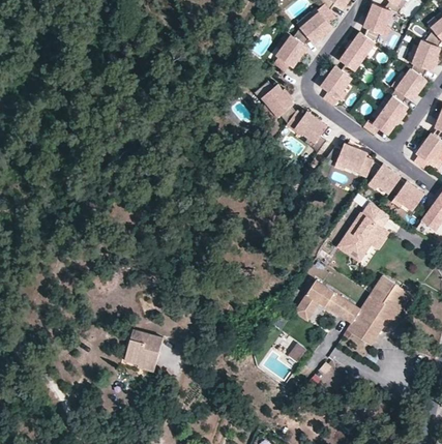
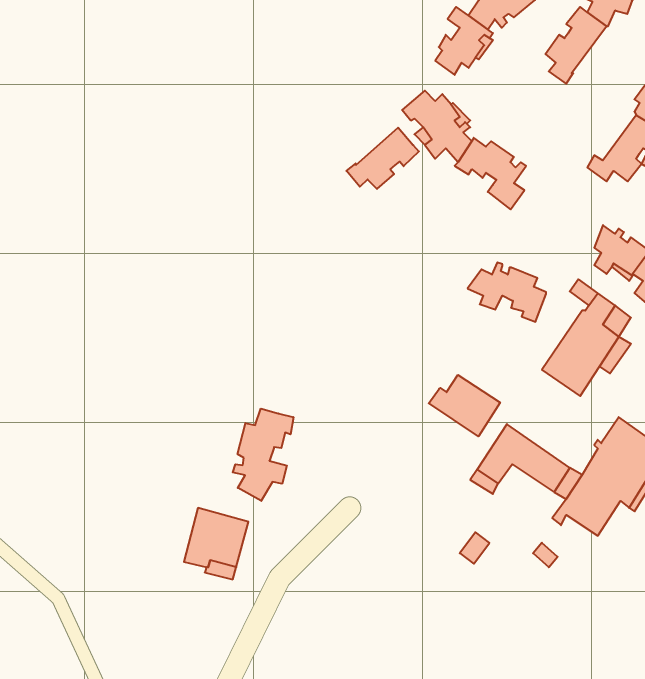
building: [320,64,352,106] -> none
building: none -> [346,128,419,189]
building: [326,142,373,177] -> [468,262,546,322]
building: none -> [429,375,500,436]
building: none -> [233,409,293,501]

